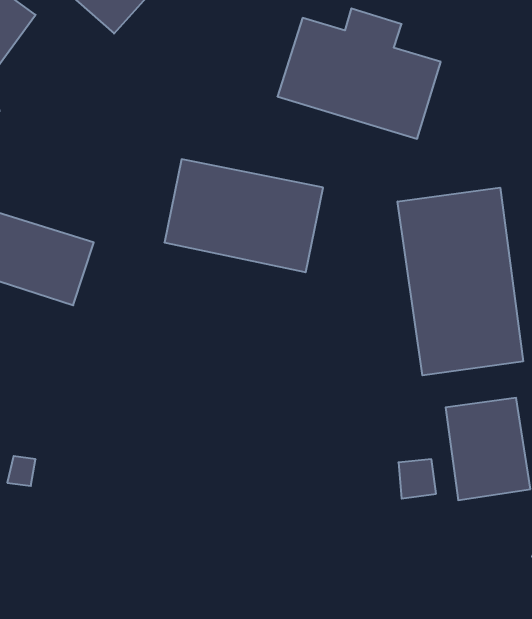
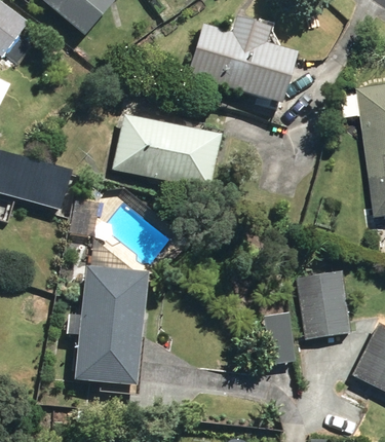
building: [398,188,523,375] -> none
building: none -> [71,265,144,385]

